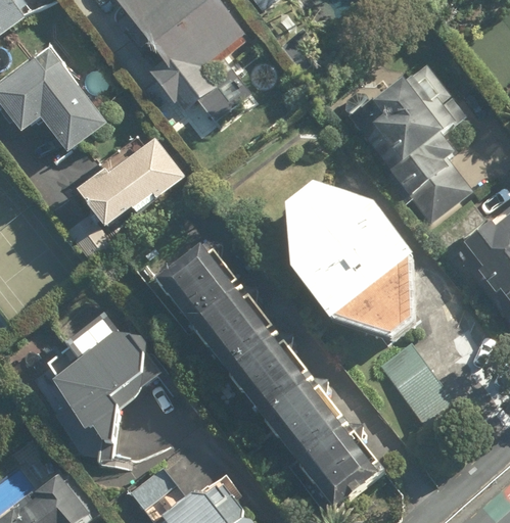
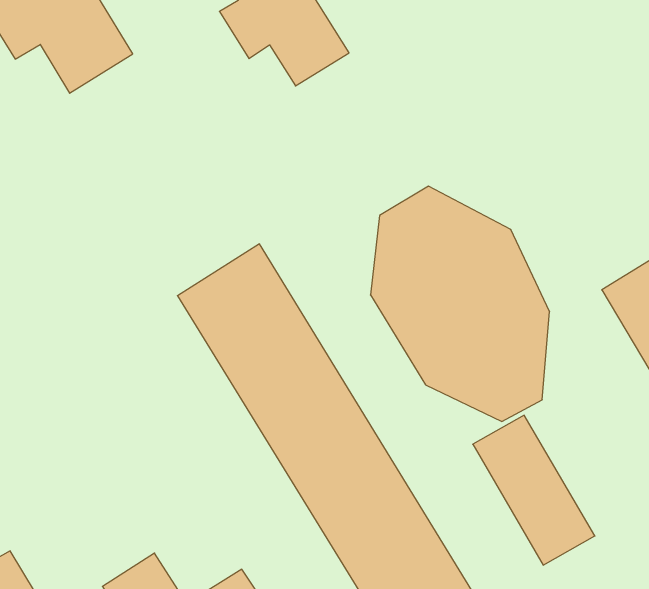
building: [339,66,472,222] -> none
building: [75,126,183,230] -> none
building: [47,317,146,463] -> none

